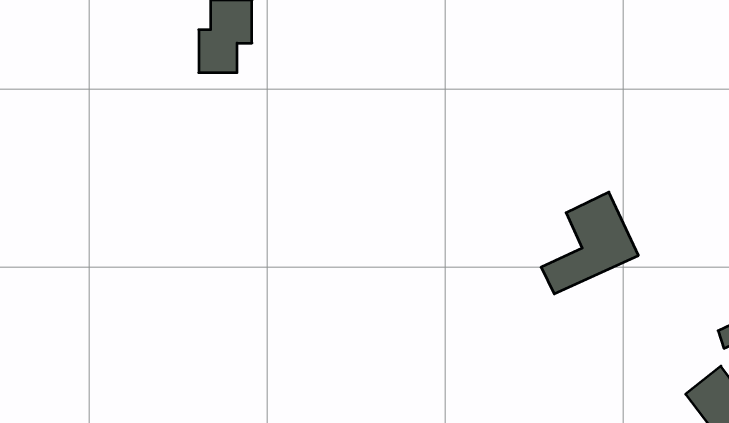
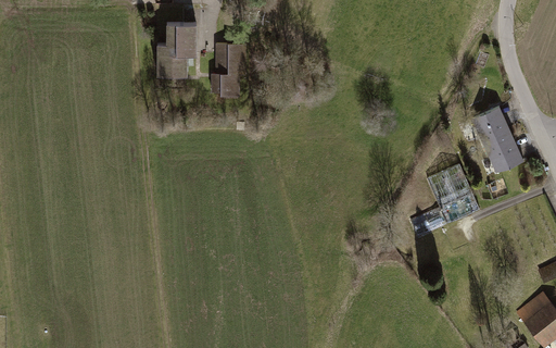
building: none -> [213,44,245,95]
building: none -> [473,108,525,173]

